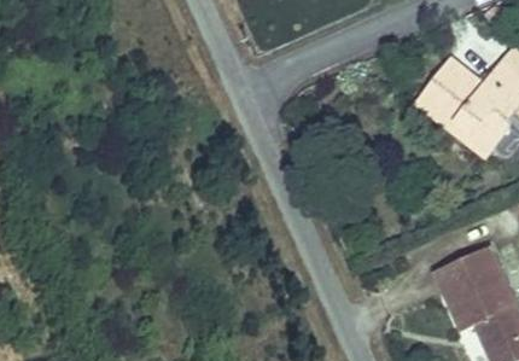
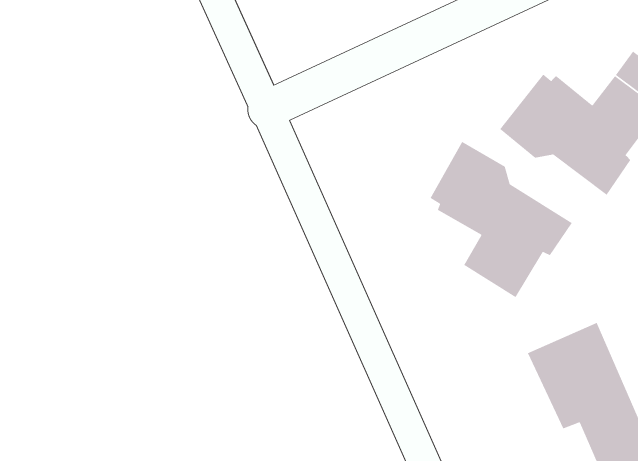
building: none -> [430,141,573,298]

